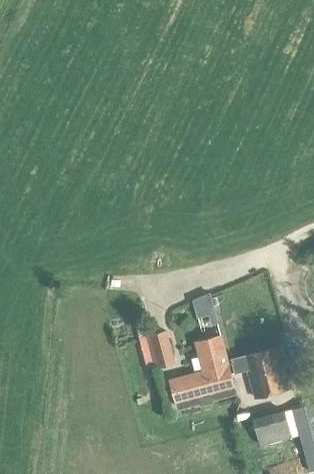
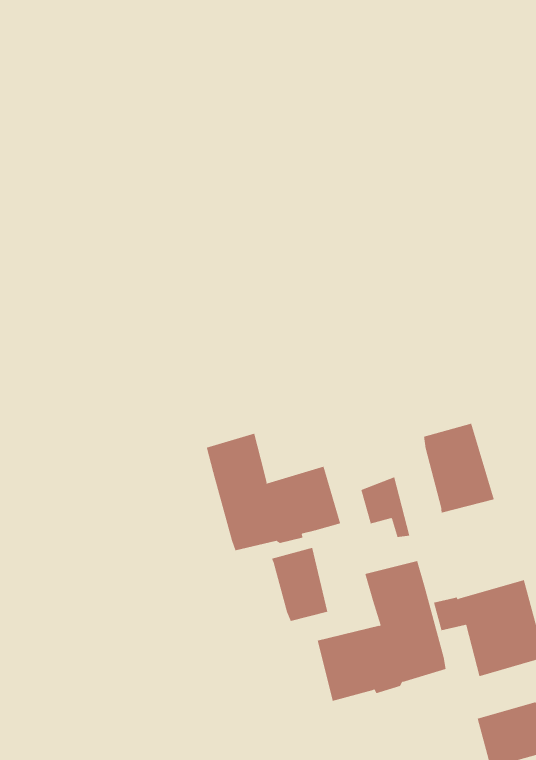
building: none -> [423,423,495,514]
building: none -> [206,433,341,551]

